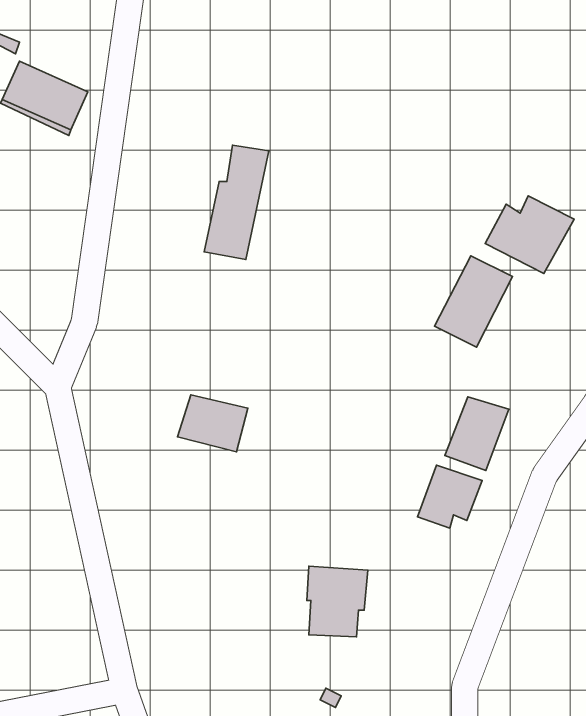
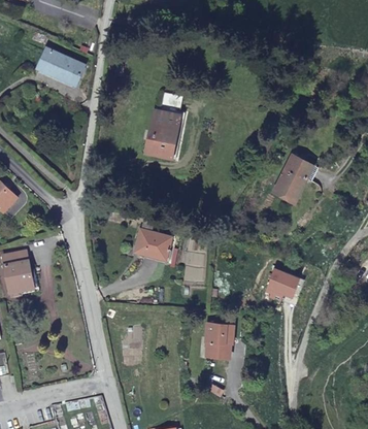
building: [485,196,574,274] -> none
building: [445,397,509,471] -> none

